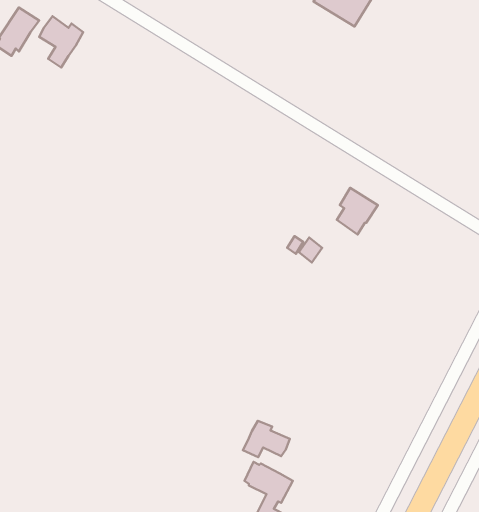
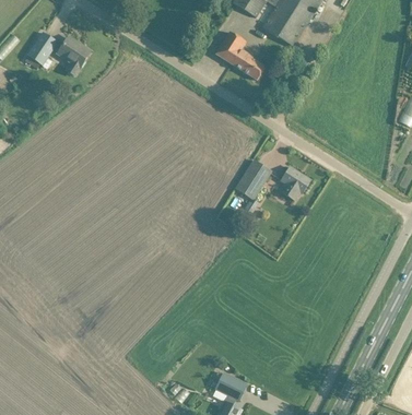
building: none -> [215,32,264,80]
building: none -> [236,159,272,199]
building: [243,421,290,457] -> none

